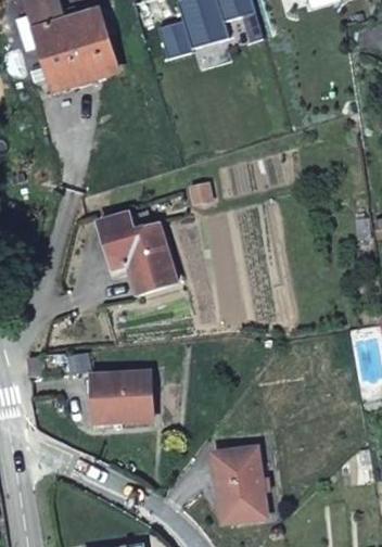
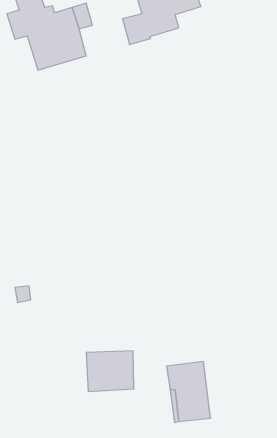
building: [98,213,175,292] -> none
building: [92,372,151,422] -> [86,351,134,391]

